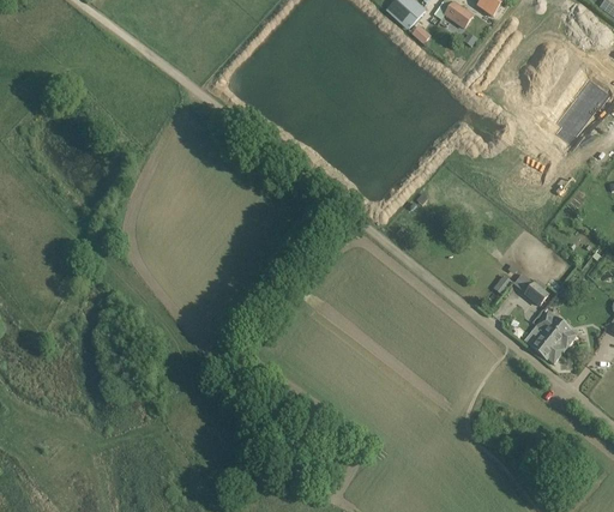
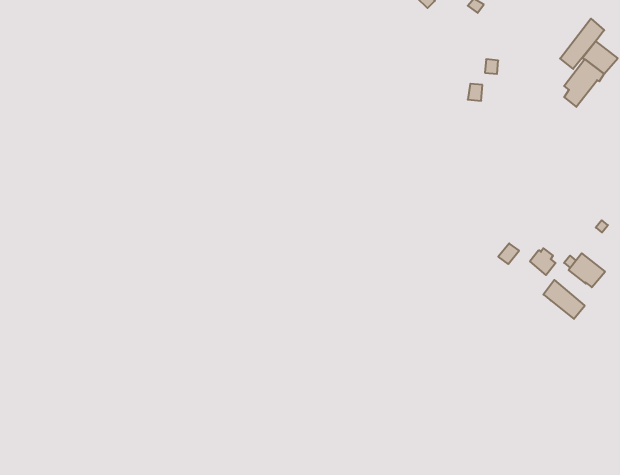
building: none -> [560,19,604,69]
building: [530,330,566,363] -> [569,253,605,287]

